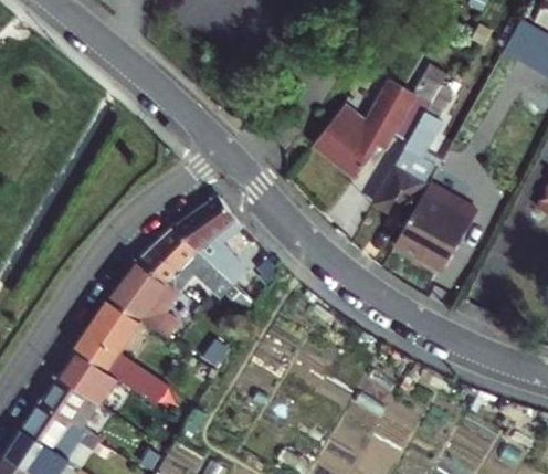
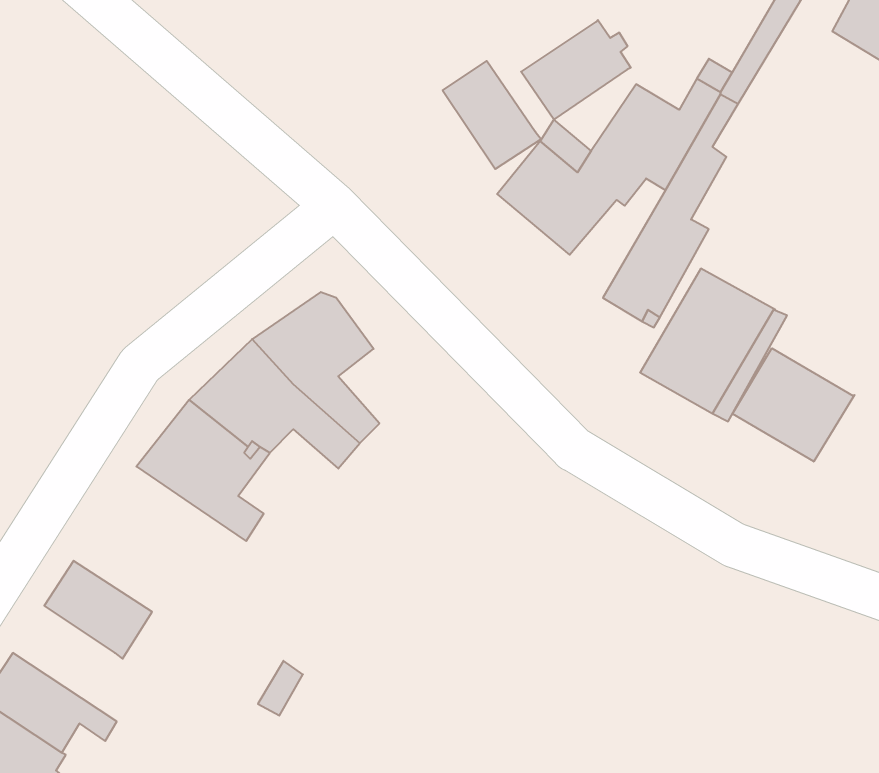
building: none -> [521,20,631,120]
building: none -> [443,61,541,169]
building: none -> [733,348,855,462]
building: [74,297,165,402] -> none
building: [40,376,97,434] -> none

